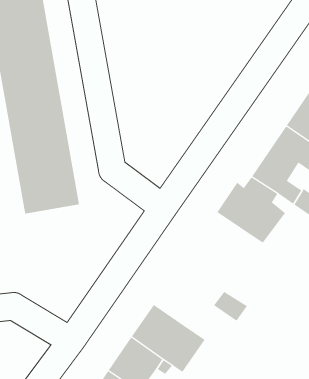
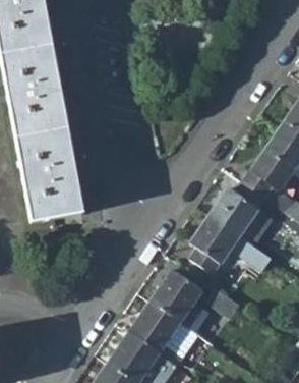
building: none -> [190,217,258,275]
building: none -> [149,273,200,324]

